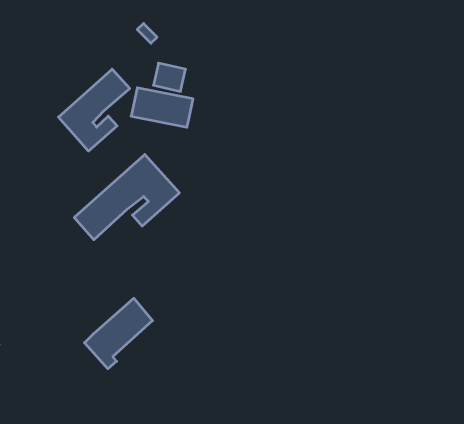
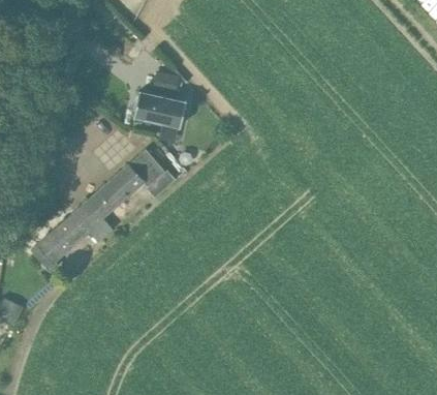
building: [58,69,130,151] -> none
building: [84,298,153,369] -> [32,213,89,272]

